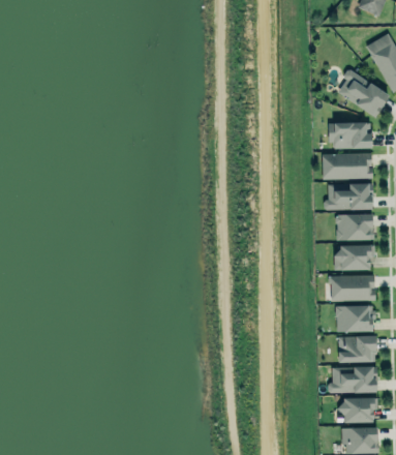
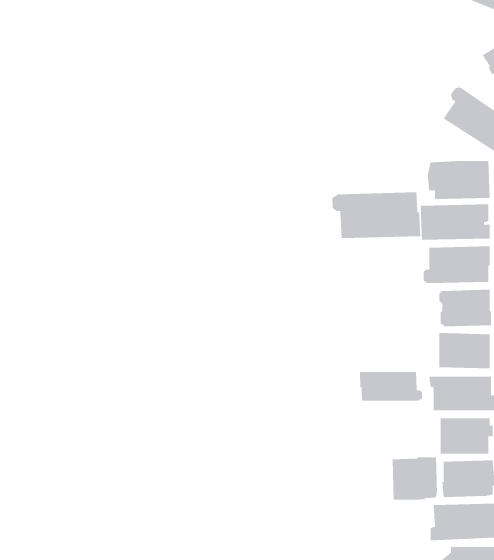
building: none -> [332,192,421,239]
building: none -> [359,371,423,401]
building: none -> [392,457,437,500]

